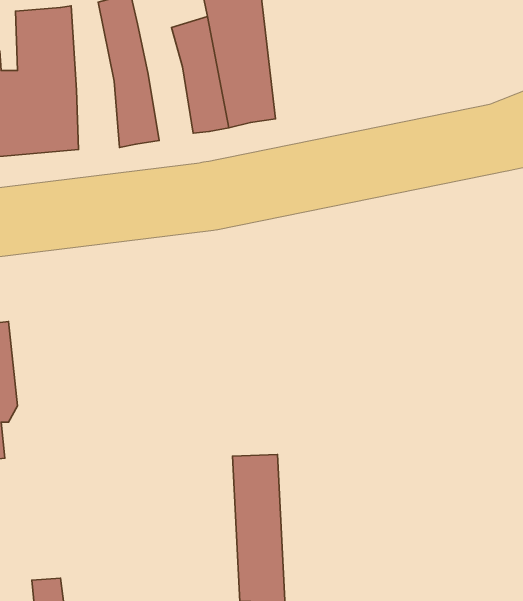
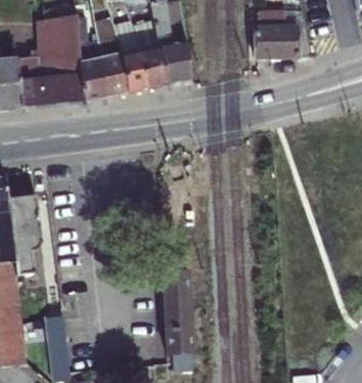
building: none -> [254,20,310,68]
building: none -> [109,23,141,92]
building: none -> [75,58,99,101]

